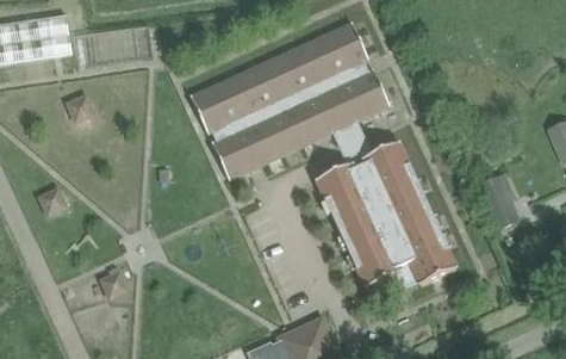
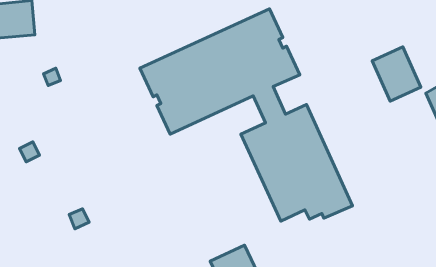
building: none -> [372,47,421,101]
building: [478,174,517,228] -> none

